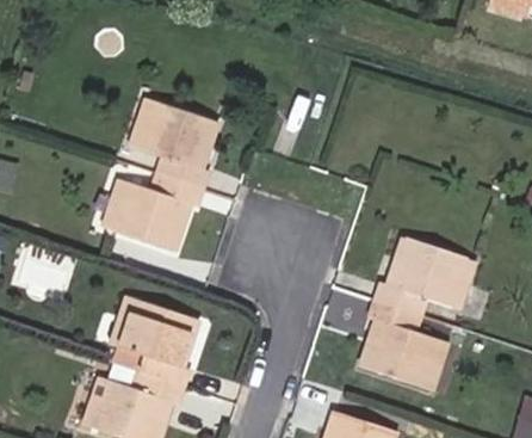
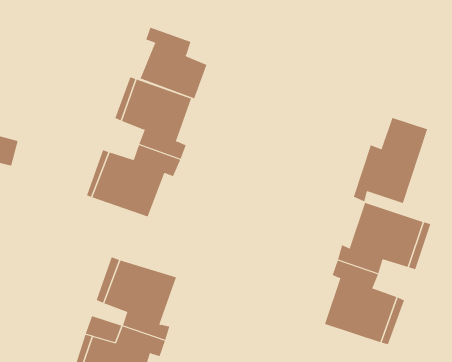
building: none -> [140,27,207,99]
building: none -> [353,117,428,204]

